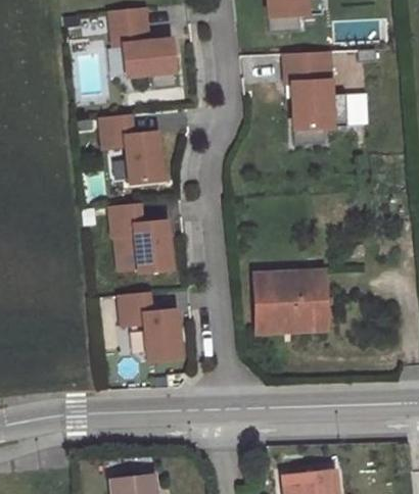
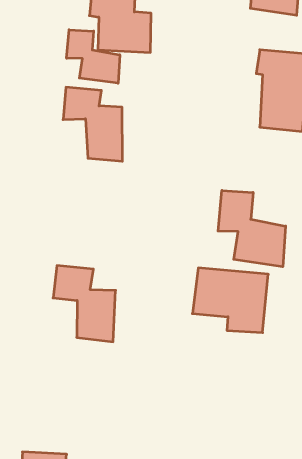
building: none -> [67,30,120,83]
building: none -> [218,190,286,267]
building: [110,205,175,273] -> none

